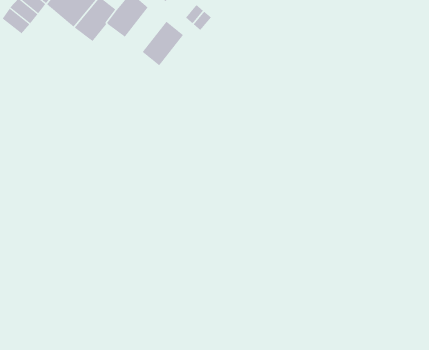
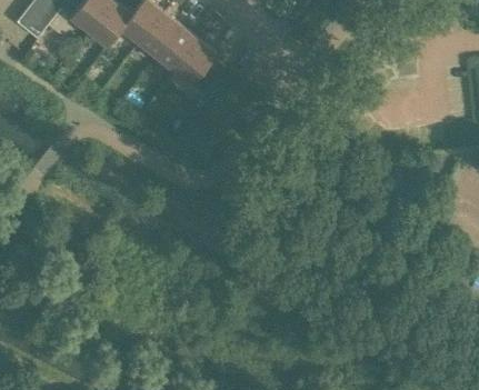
building: none -> [140,12,181,57]
building: none -> [174,40,218,86]

